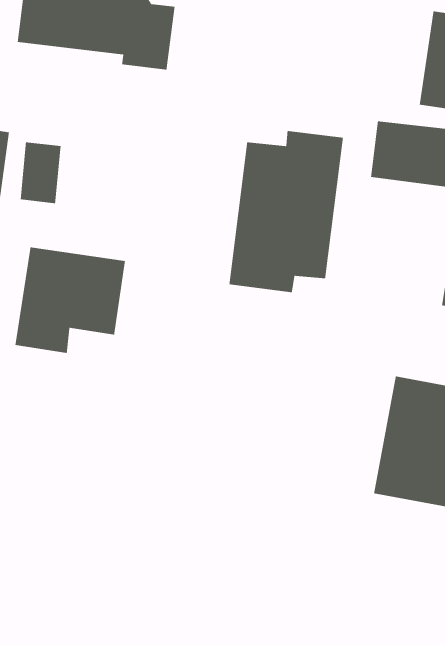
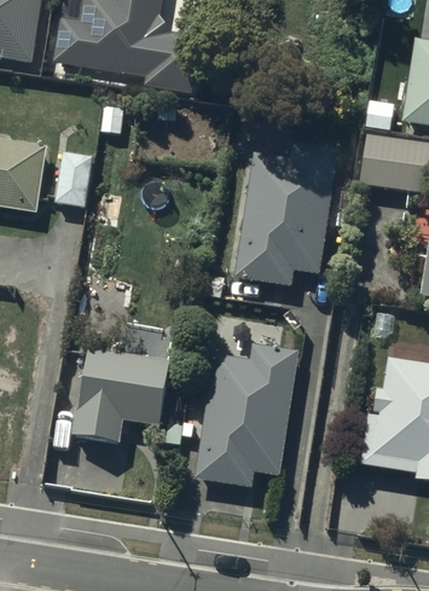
building: [15,246,126,354] -> [74,354,170,447]
building: none -> [196,342,298,485]

